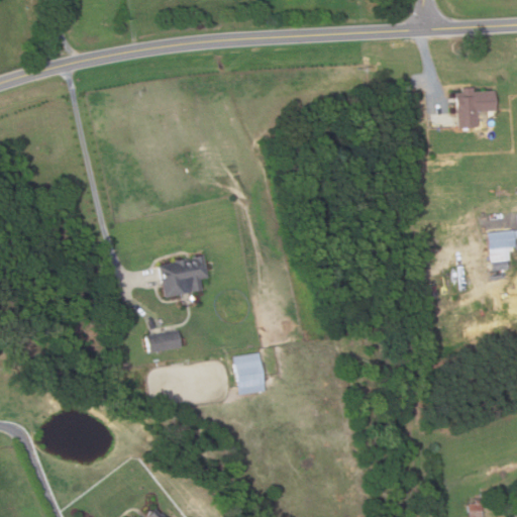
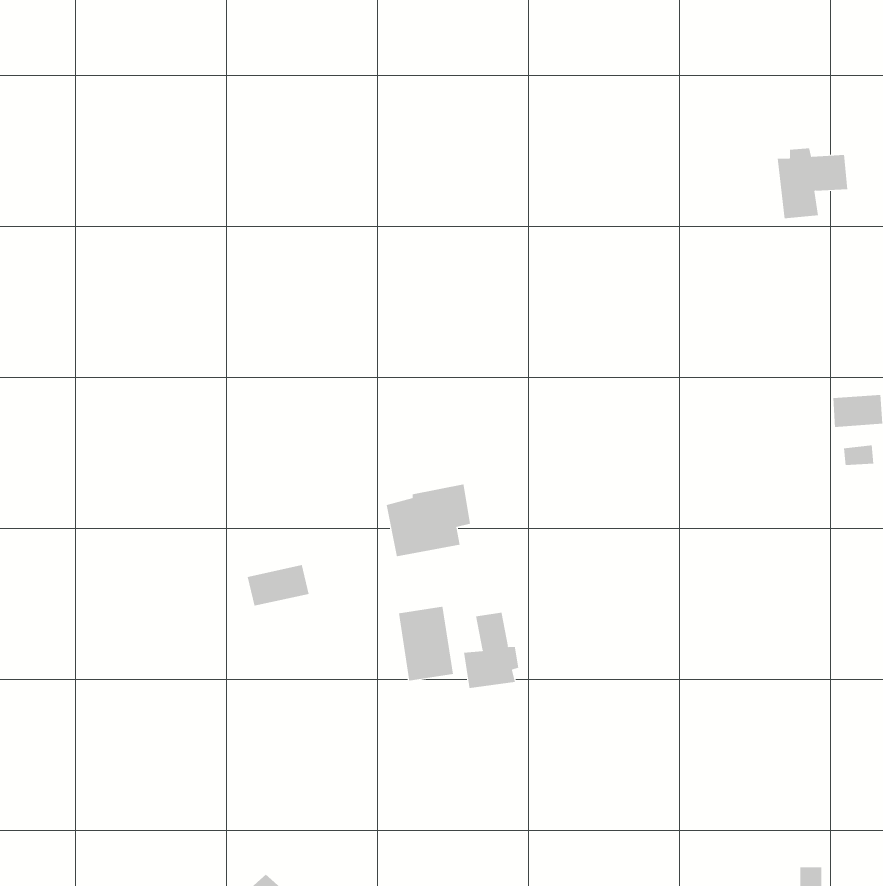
building: [160,254,209,297] -> [386,484,471,557]
building: none -> [464,612,519,689]

